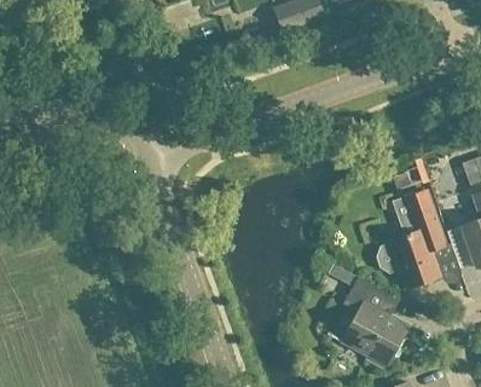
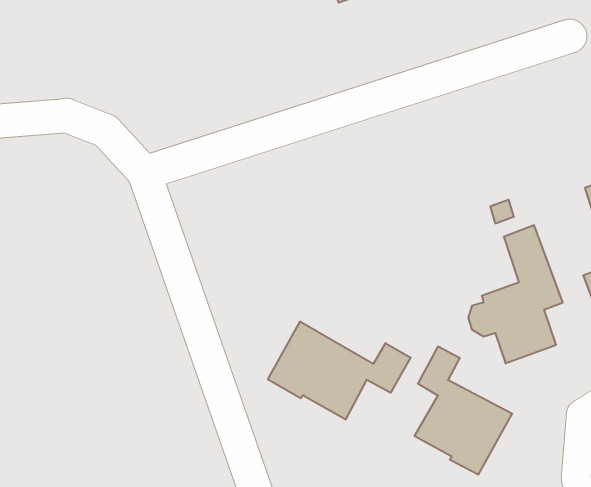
building: none -> [268,321,411,420]

